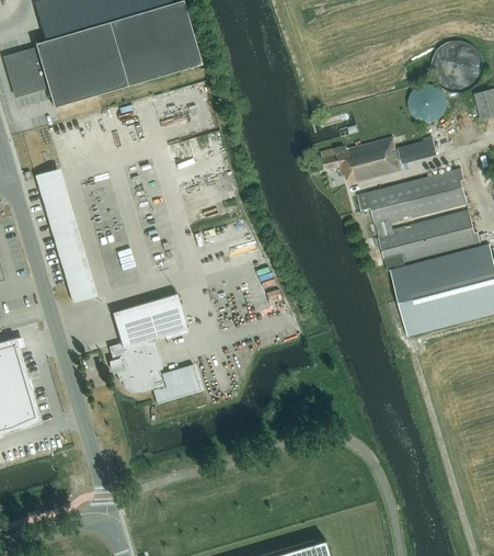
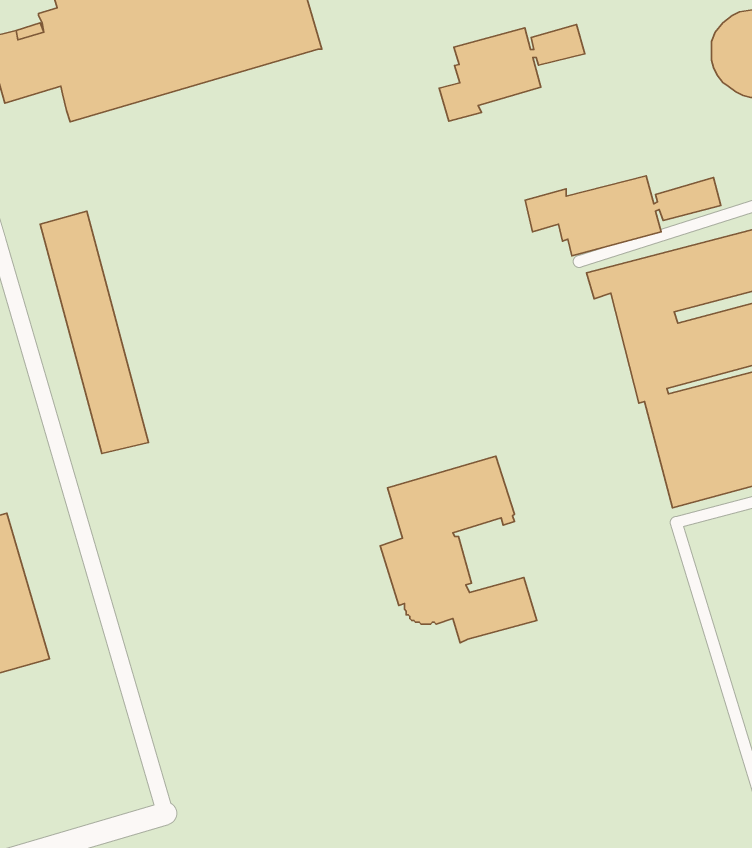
building: none -> [439,24,585,121]
building: [407,84,446,123] -> none
building: [108,294,200,404] -> [380,456,537,643]

